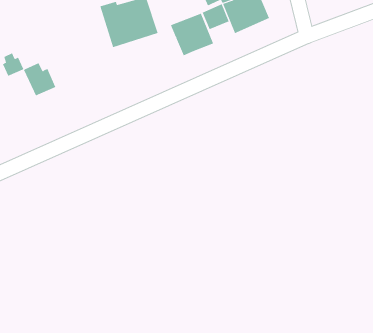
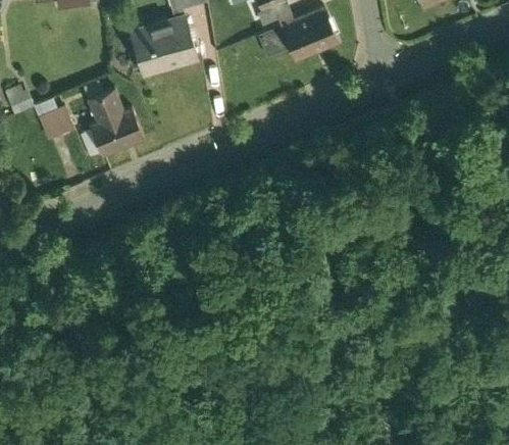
building: [170,13,214,56] -> none
building: none -> [86,85,145,156]

